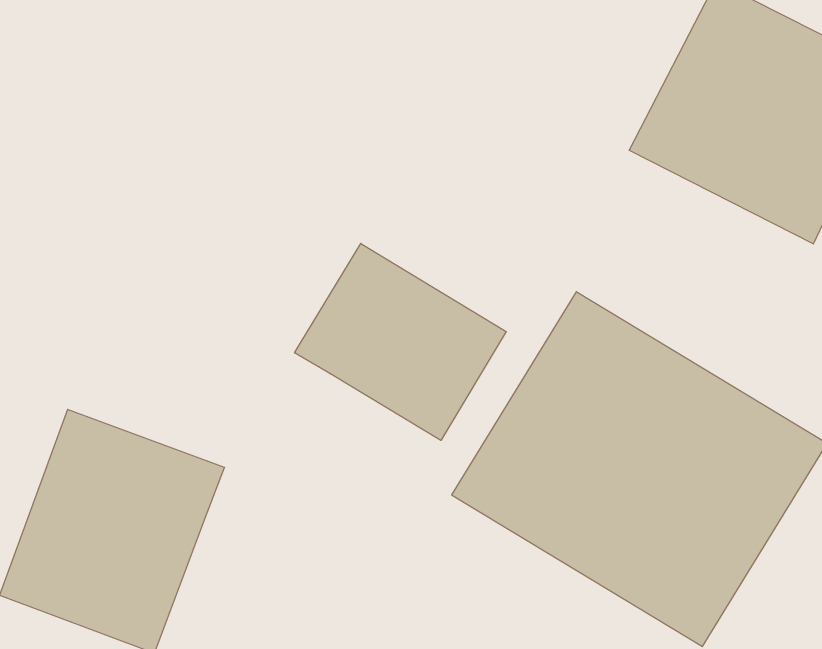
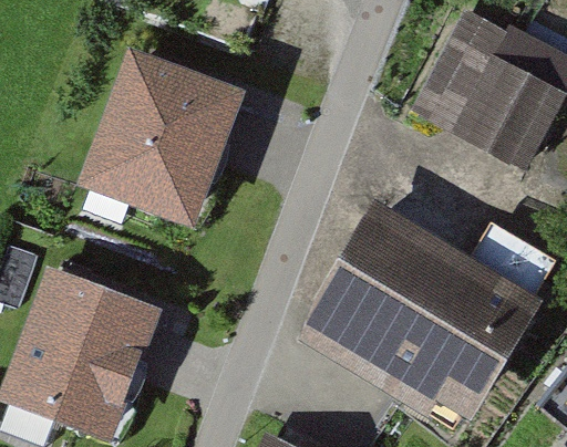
building: none -> [76,49,239,225]
building: [295,243,506,440] -> none

